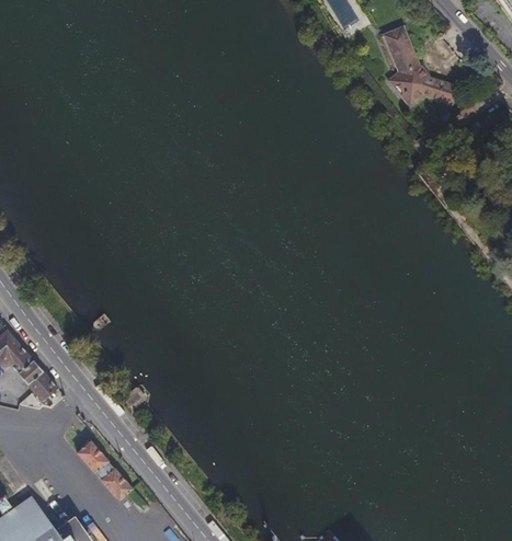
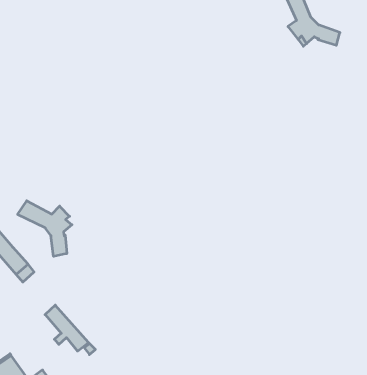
building: none -> [18,201,72,256]

